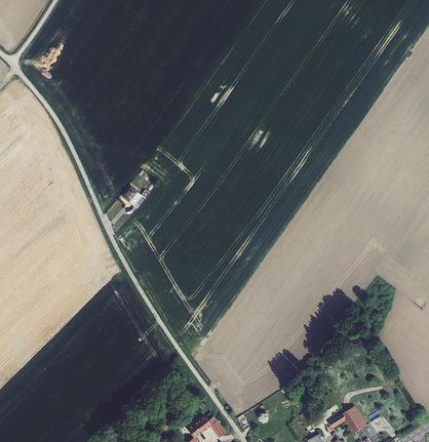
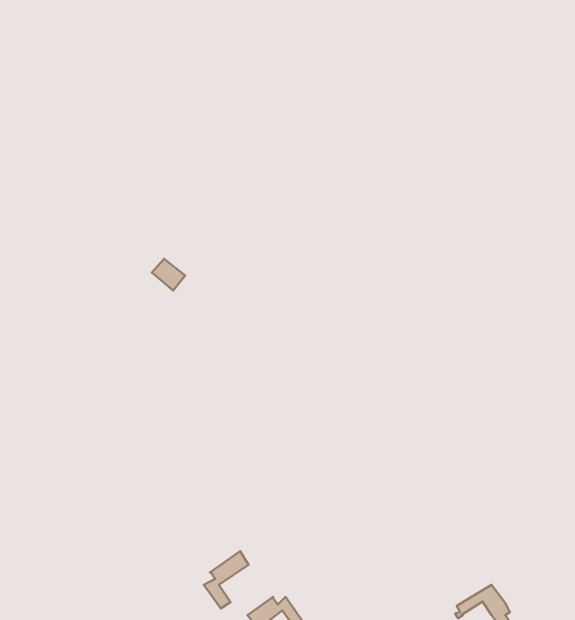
building: none -> [204,551,249,608]

